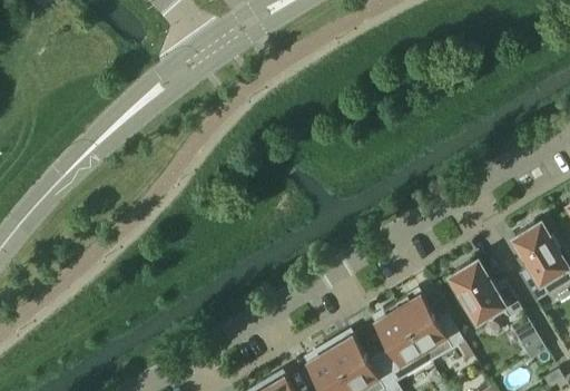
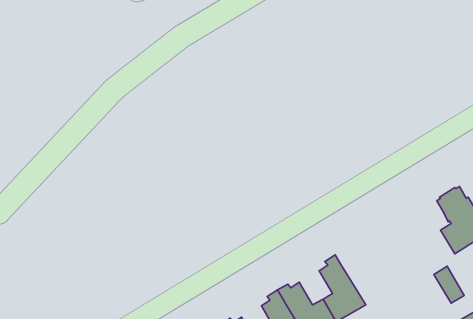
building: [450,262,521,322] -> none
building: [394,296,463,363] -> none

